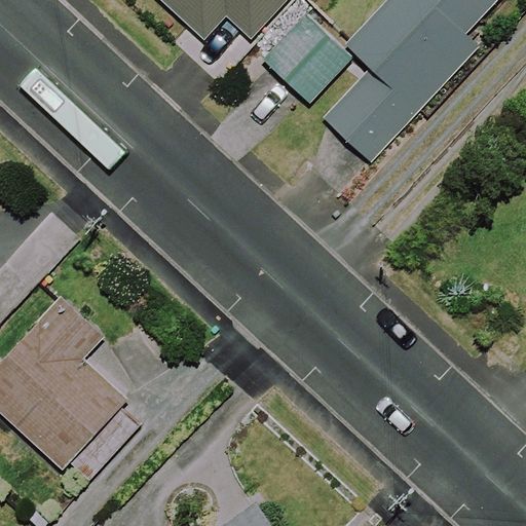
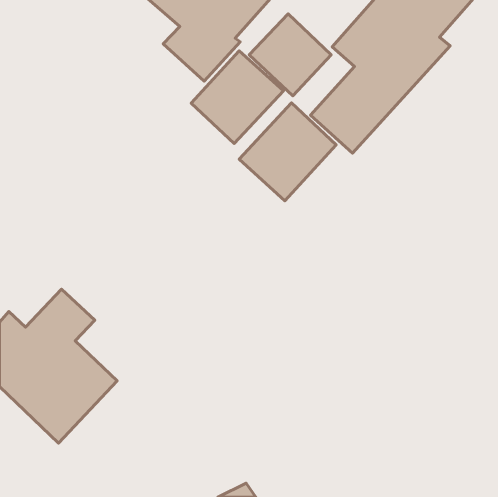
building: none -> [191,51,283,144]
building: none -> [239,103,336,201]

